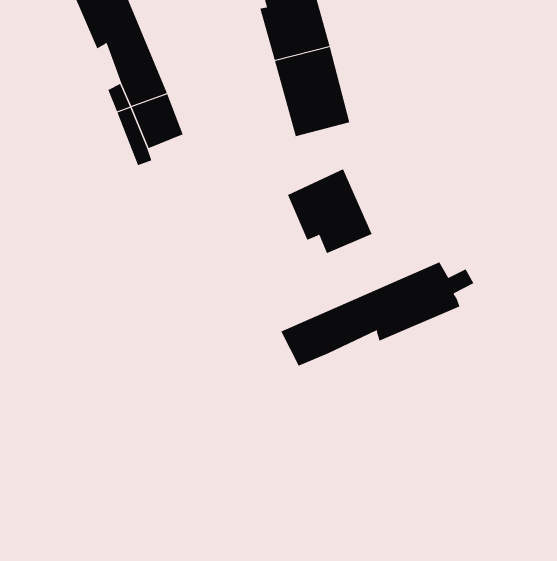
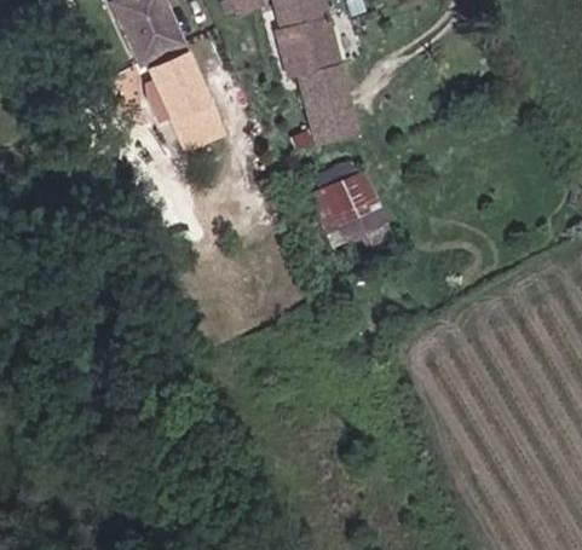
building: [280,261,474,366] -> none

